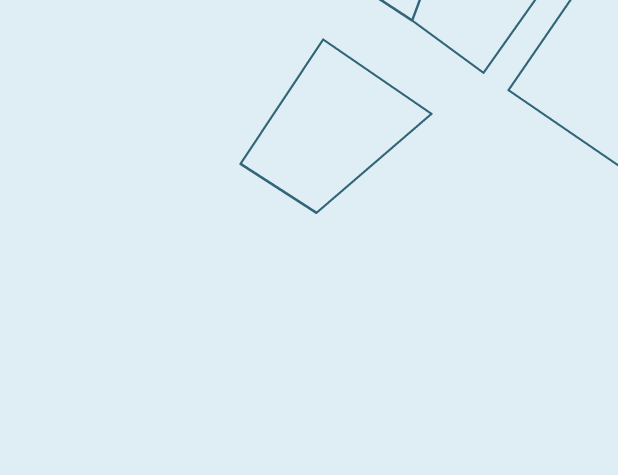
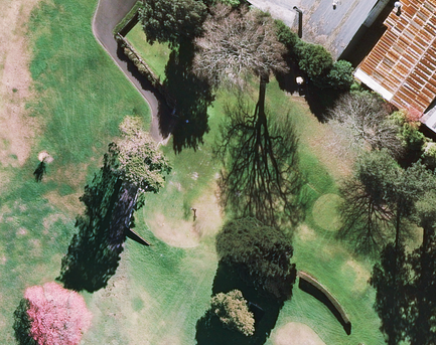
building: [241,39,431,213] -> none

